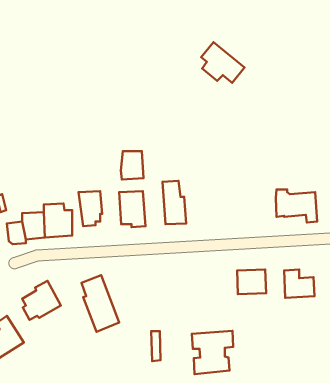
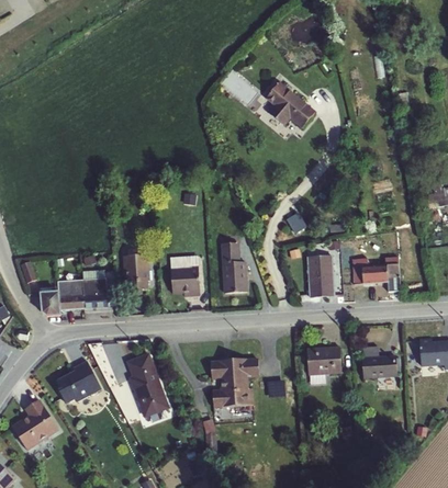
building: [121,151,144,179] -> none
building: none -> [305,254,334,297]
building: [192,331,233,374] -> [210,358,258,408]

